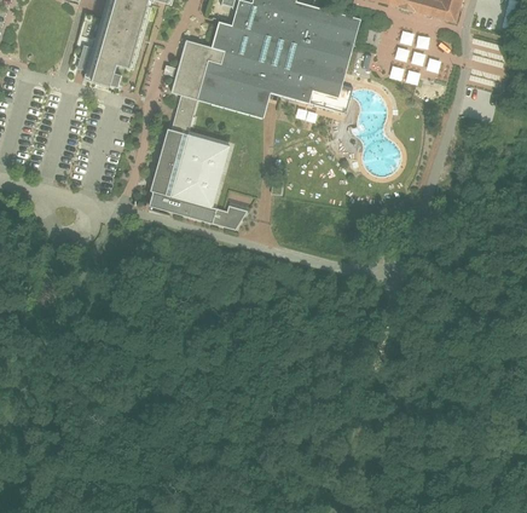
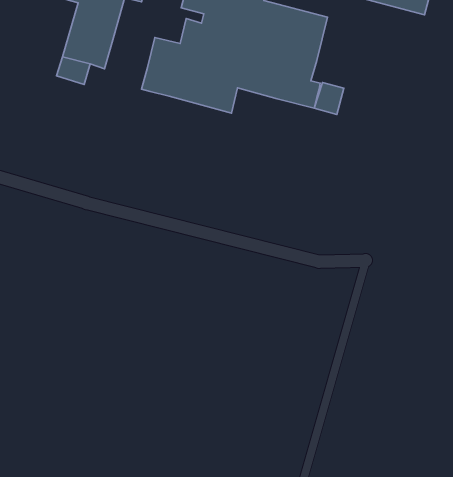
building: none -> [314,83,344,114]
building: [149,94,251,229] -> none

